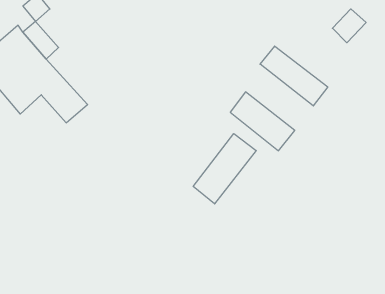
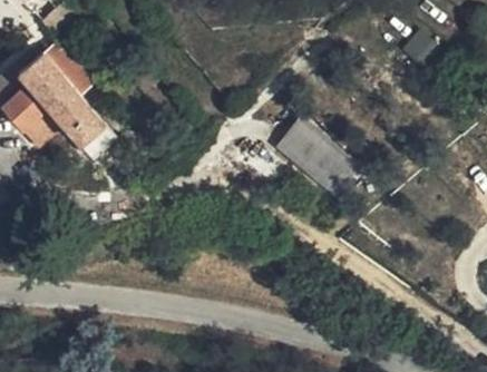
building: [260,46,328,106] -> none
building: [193,134,256,204] -> none

